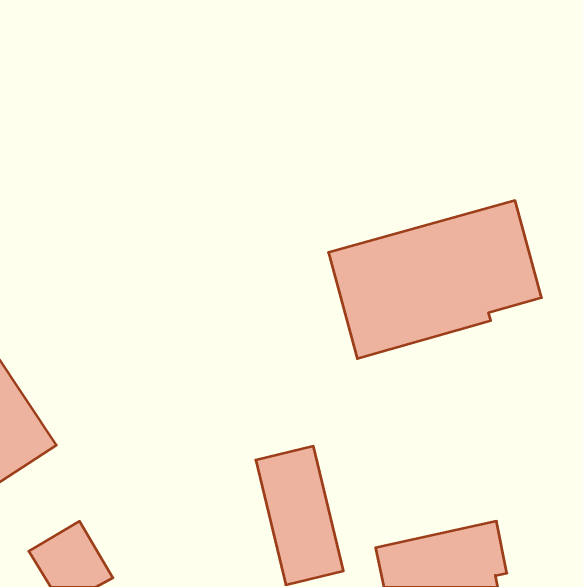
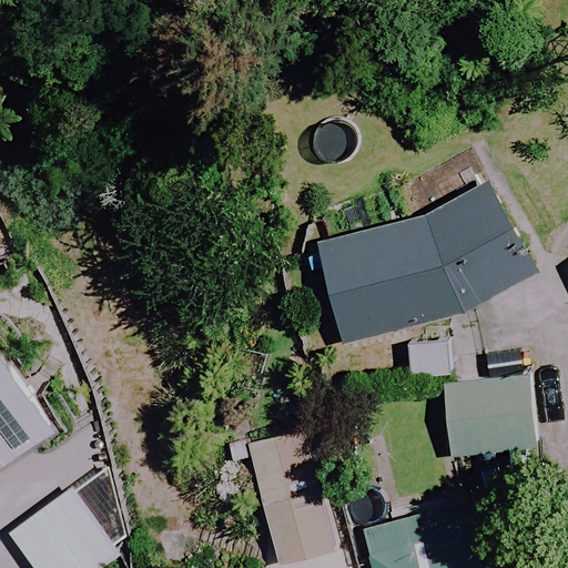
building: none -> [442,376,532,454]

